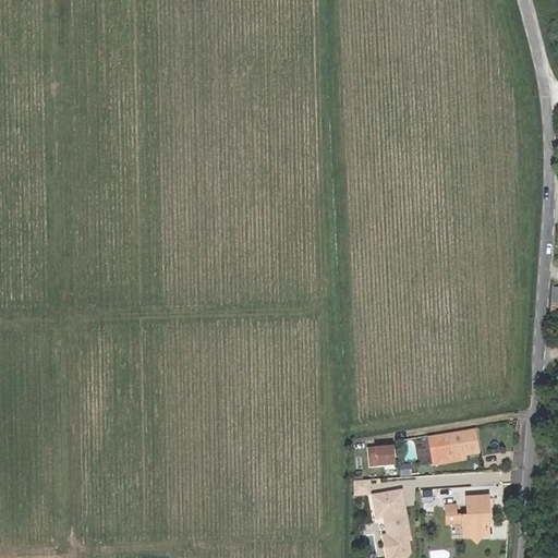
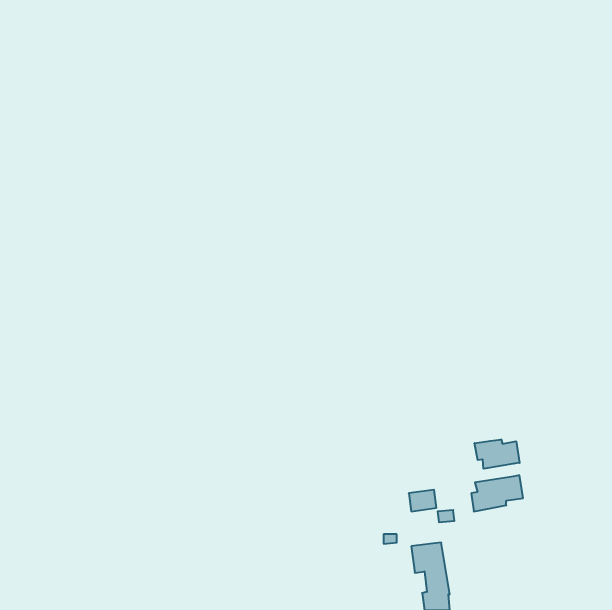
building: none -> [475,439,520,469]
building: [445,495,485,541] -> none

